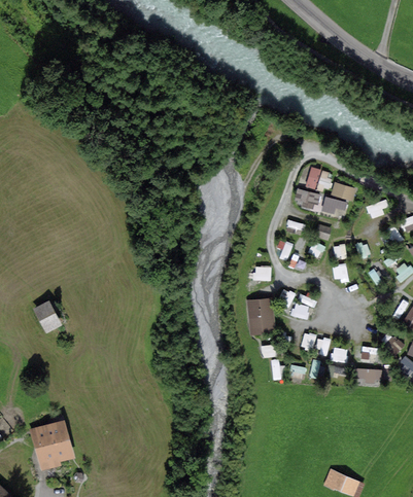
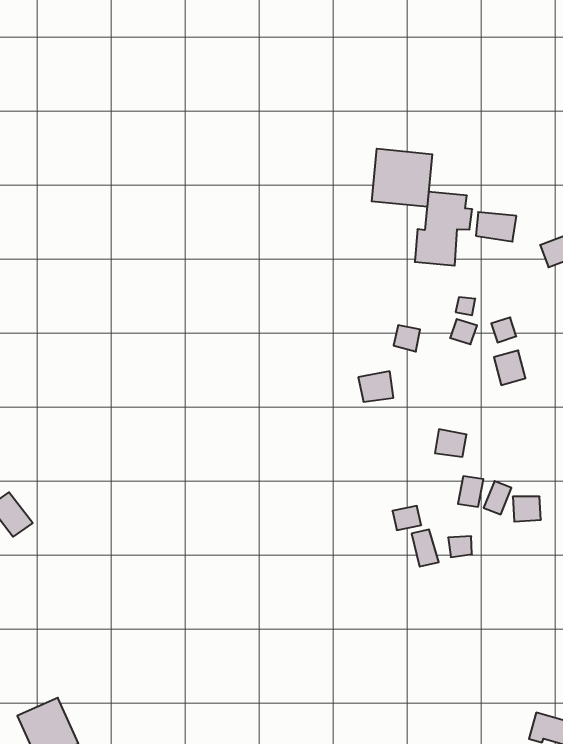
building: none -> [372,149,432,207]
building: [322,193,349,216] -> none
building: [248,303,269,332] -> none

